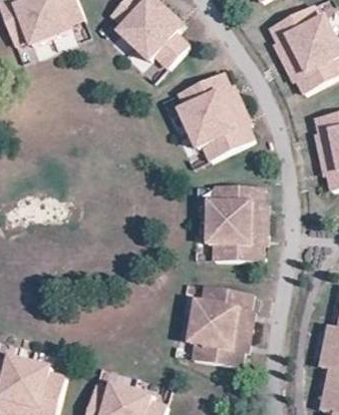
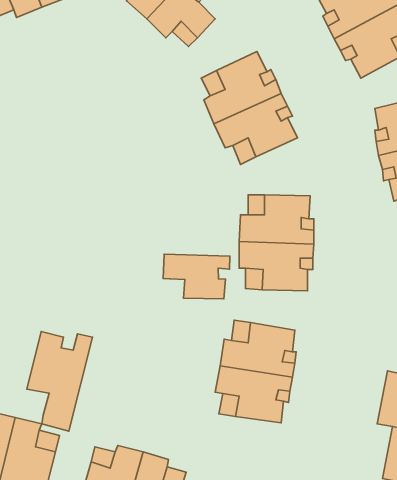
building: none -> [163,254,230,299]
building: none -> [27,332,92,431]

